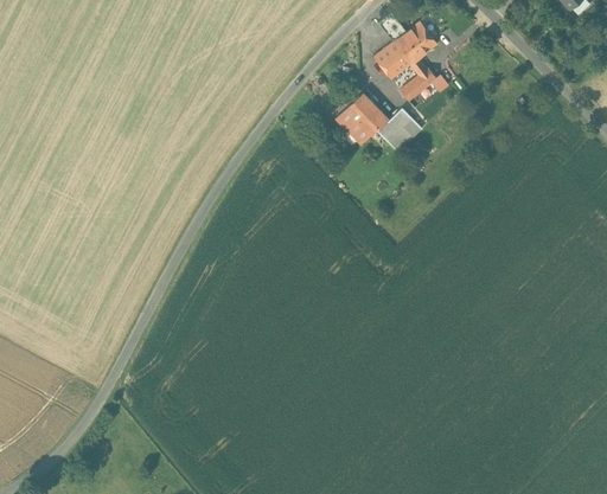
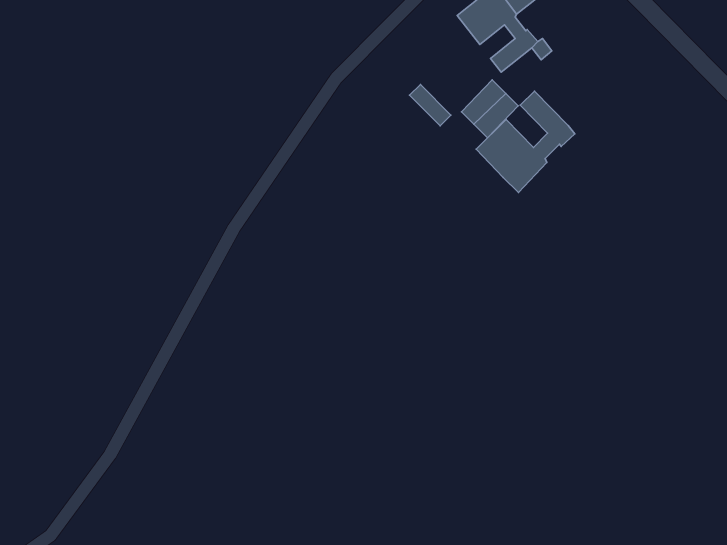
building: [345,94,386,134] -> none
building: none -> [476,91,575,193]

